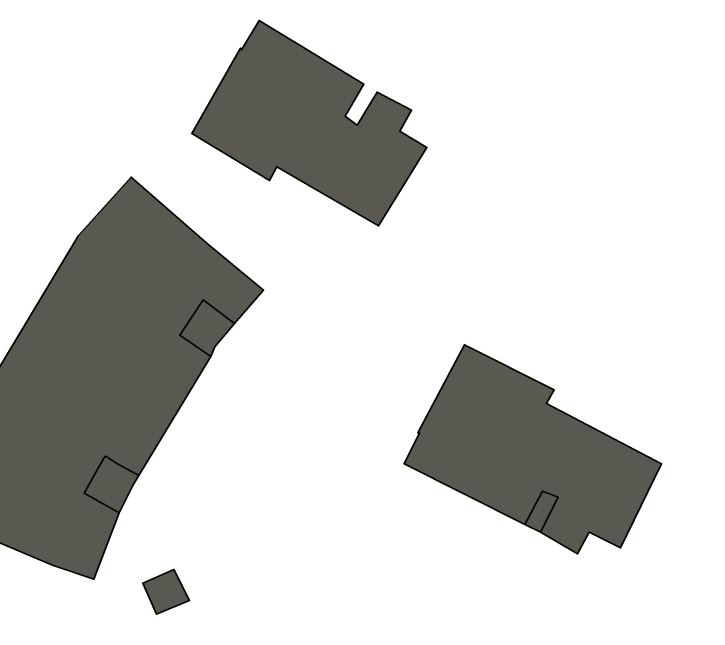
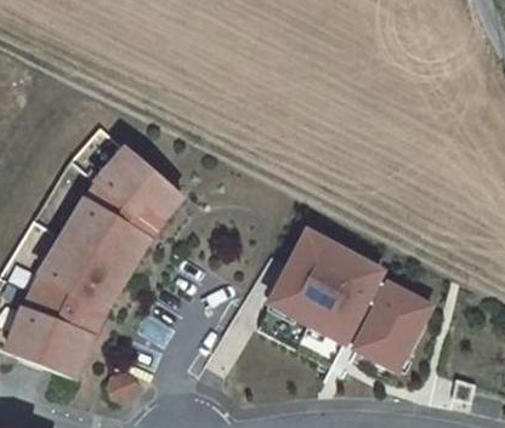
building: [192,20,427,226] -> none

